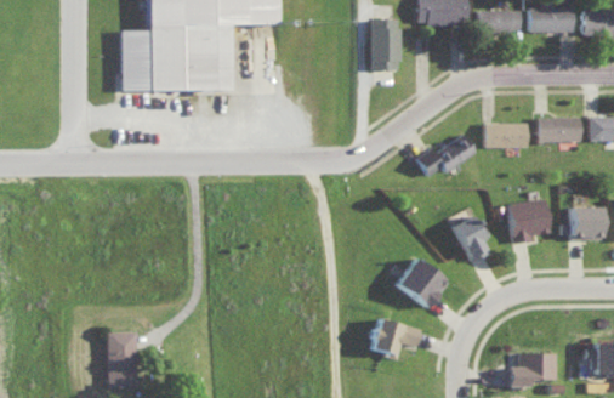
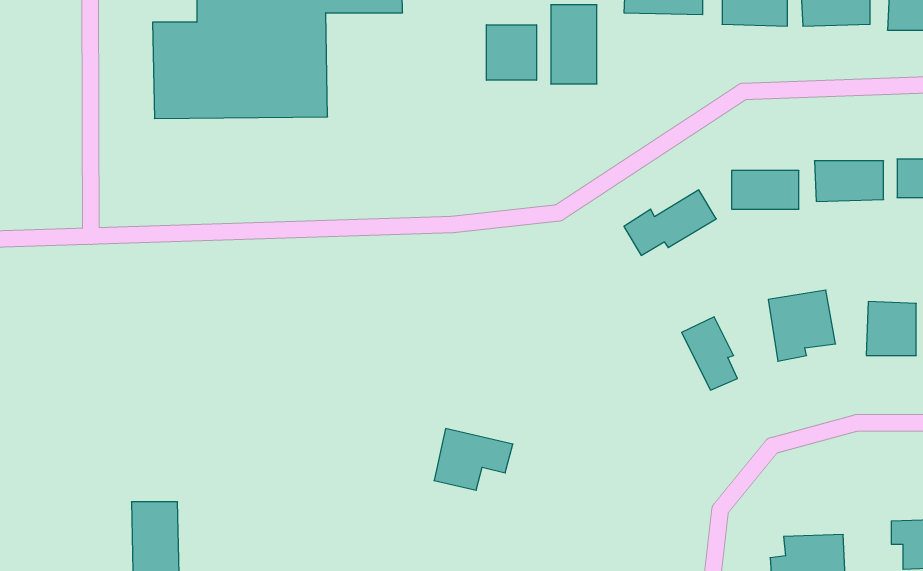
building: none -> [486,25,536,80]
building: [397,258,449,308] -> none
building: [371,319,421,358] -> [434,429,513,490]

